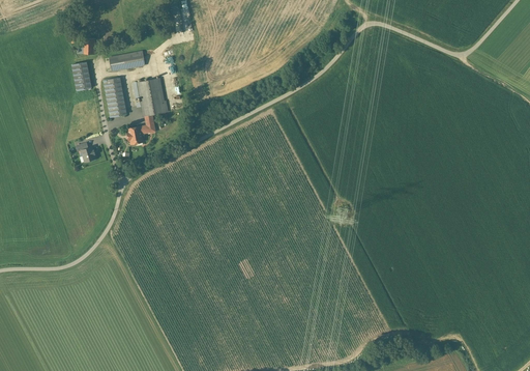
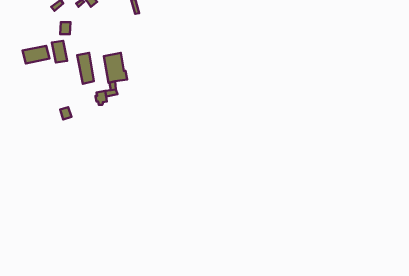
building: [109,51,145,72] -> none
building: none -> [23,46,50,63]

